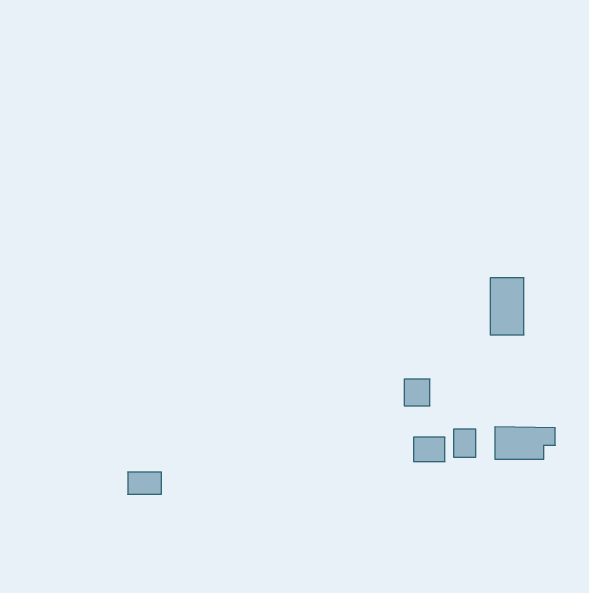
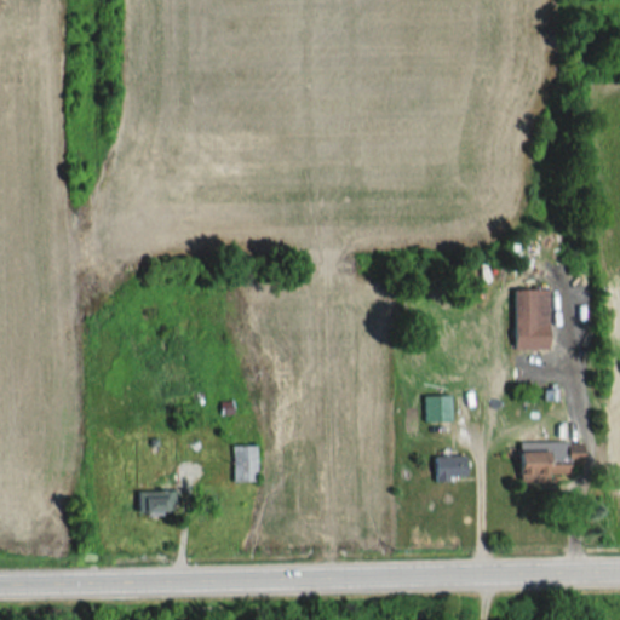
building: none -> [234,446,258,482]
building: [454,429,476,457] -> none

